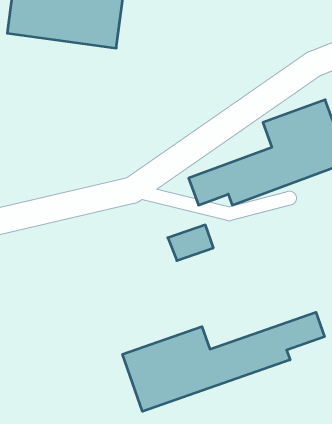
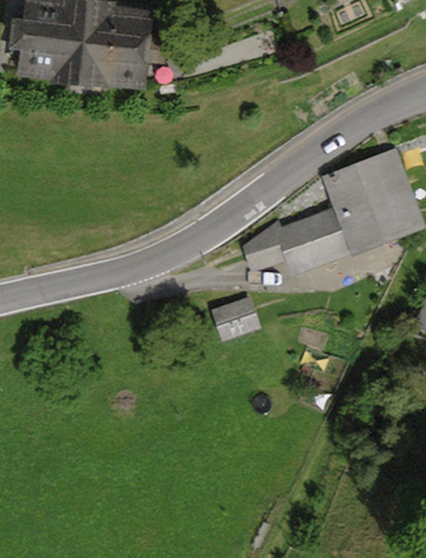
building: [123,312,324,411] -> none

